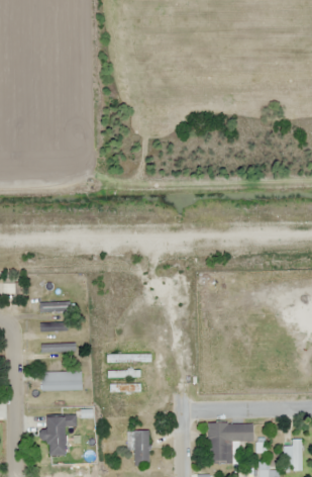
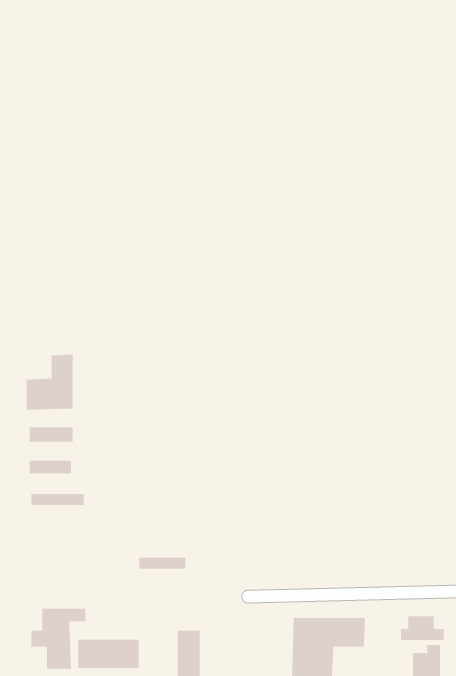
building: none -> [26,354,74,411]
building: [41,372,81,391] -> [78,639,140,669]
building: none -> [400,615,445,641]

